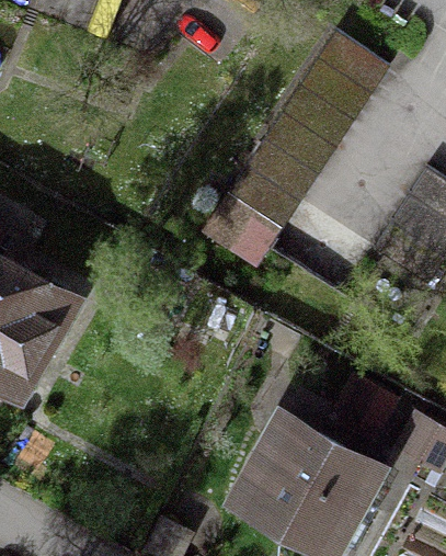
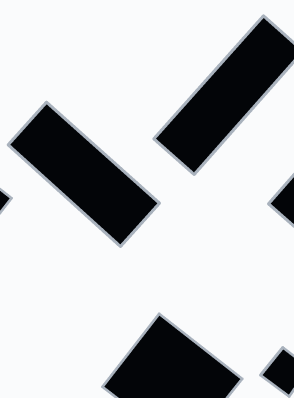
building: none -> [8,102,160,246]

